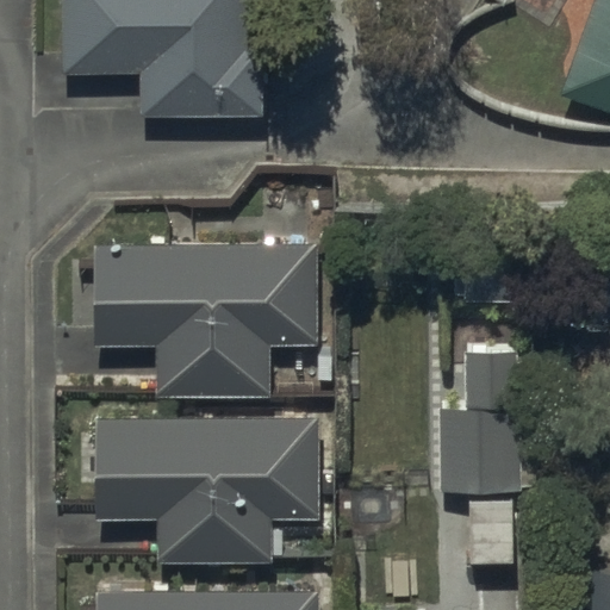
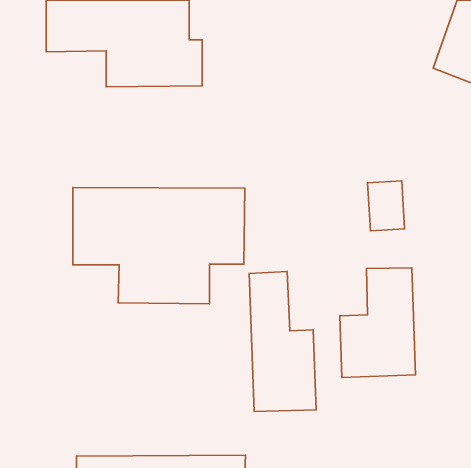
building: none -> [249,271,316,412]
building: [91,417,318,562] -> none

